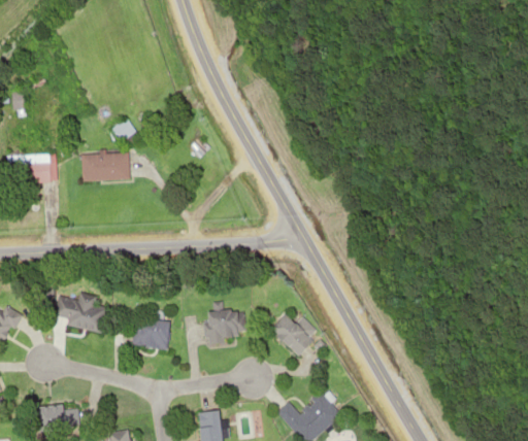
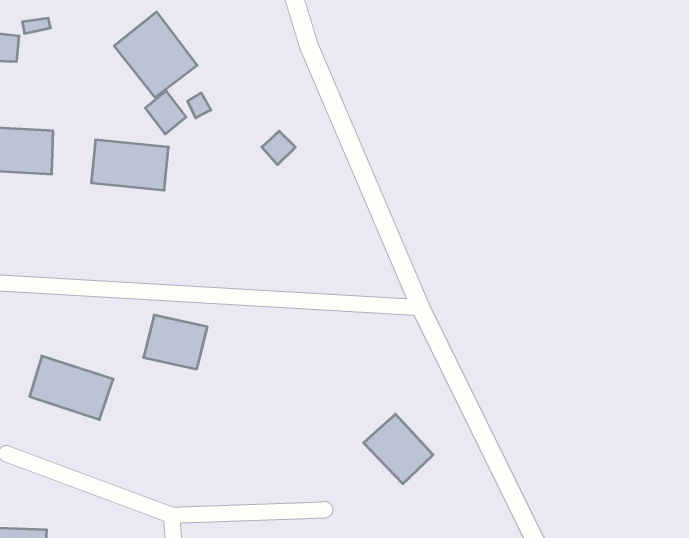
building: none -> [114,12,197,97]
building: [203,312,243,342] -> none
building: [132,317,171,349] -> [143,315,207,369]

